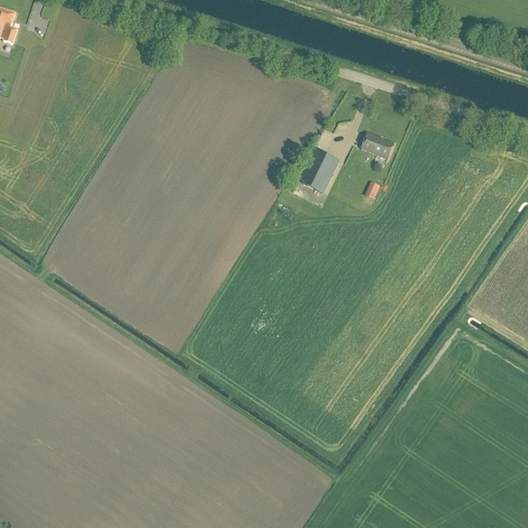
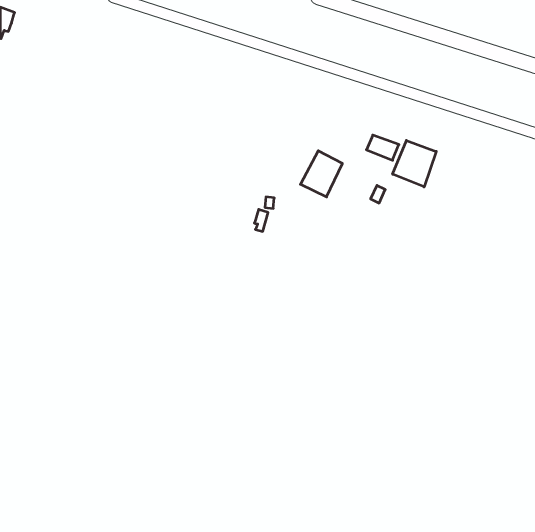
building: none -> [393,140,436,187]

